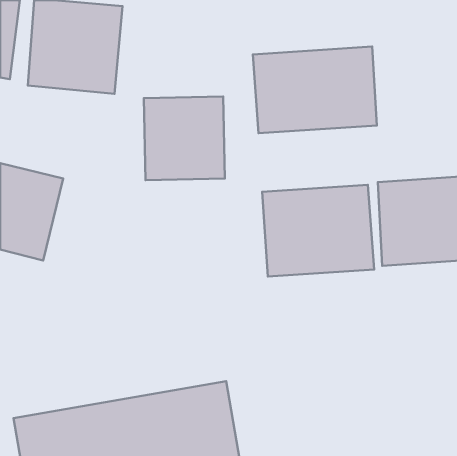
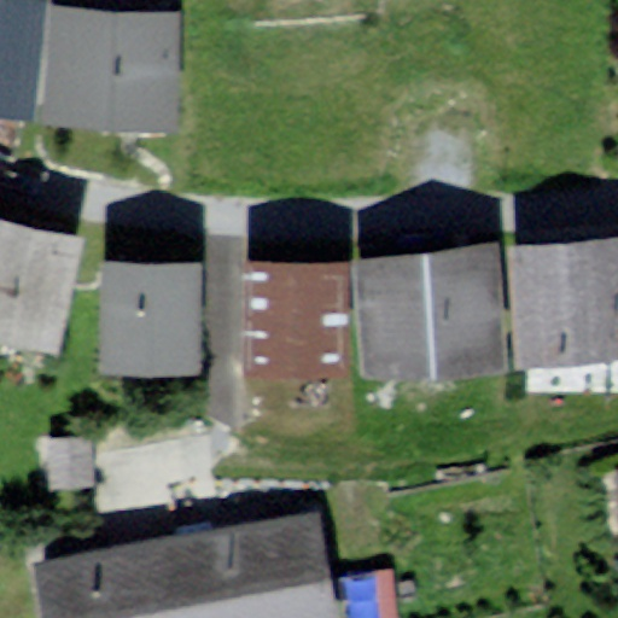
building: [253,47,377,133] -> none
building: [144,96,225,180] -> [243,263,351,375]
building: none -> [99,264,199,373]

